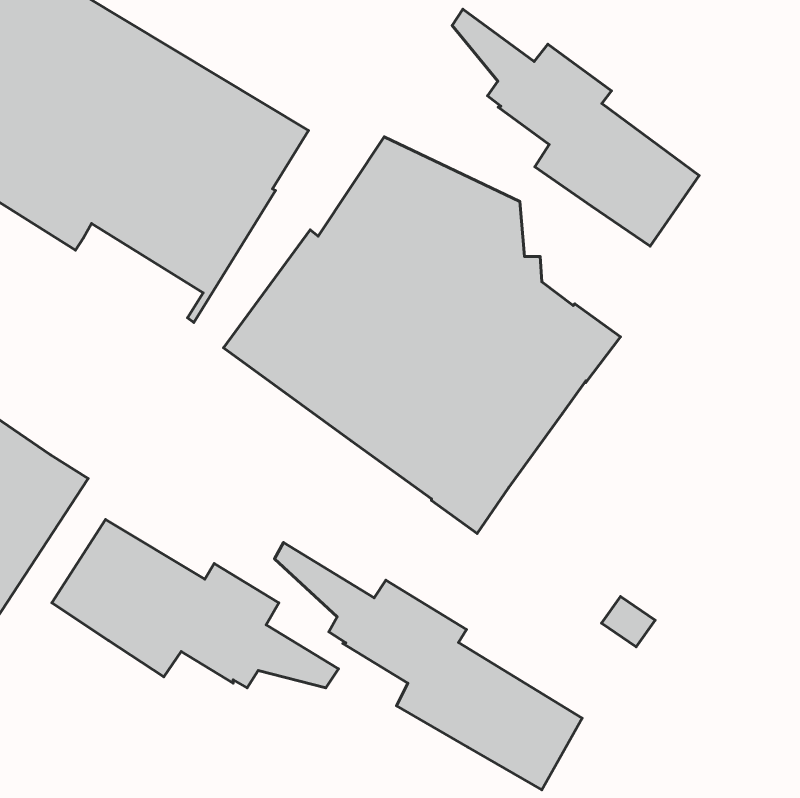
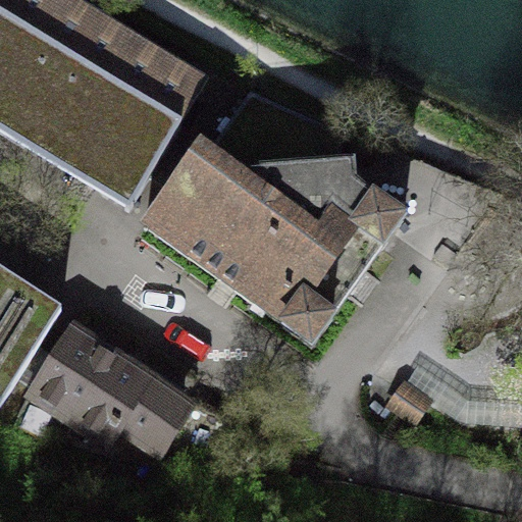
building: [452,9,699,246] -> none
building: [275,542,582,790] -> none

